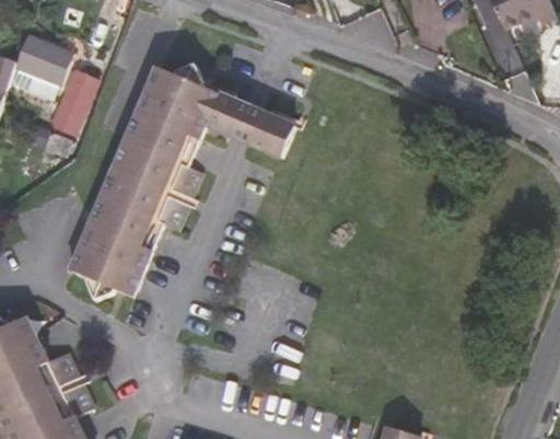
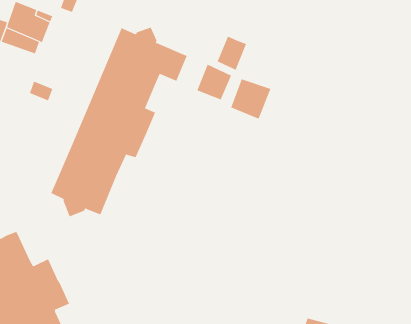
building: [52,70,94,134] -> none
building: [225,101,262,143] -> [217,36,247,71]
building: none -> [231,78,271,119]

